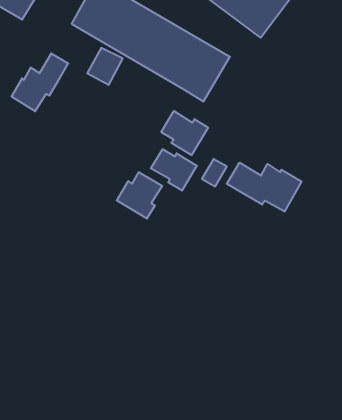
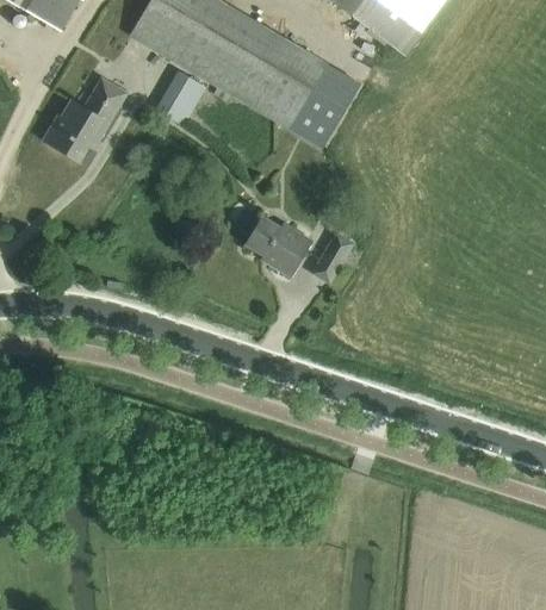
building: [161,111,208,155] -> none
building: [227,163,301,212] -> none
building: [117,172,162,219] -> none

